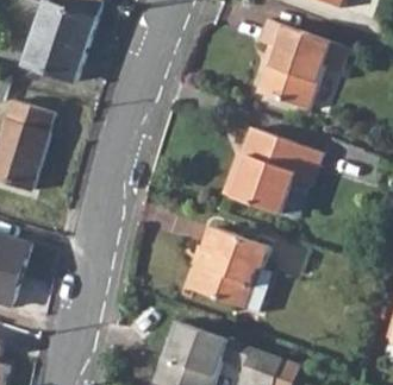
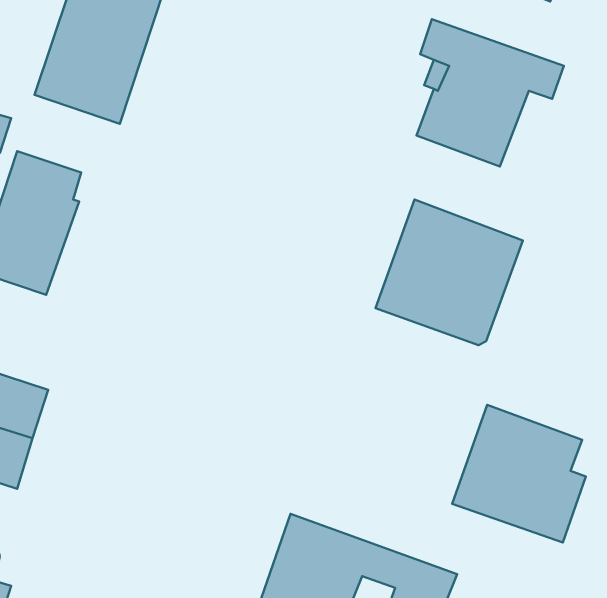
building: [188,227,270,311] -> [452,405,586,543]

